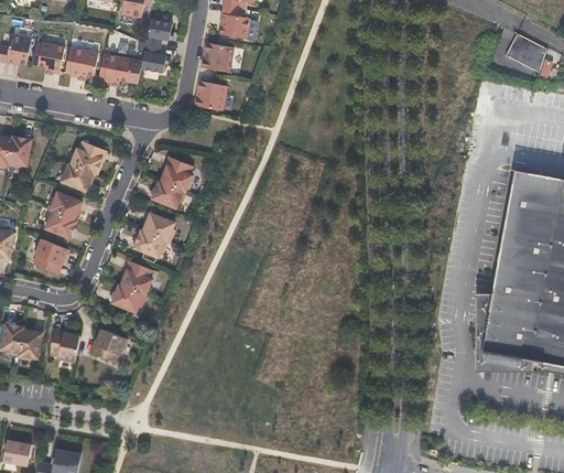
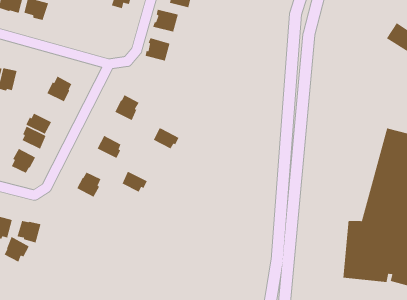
building: [141,43,165,72] -> none
building: [70,47,97,75] -> none
building: [99,53,131,82] -> none
building: [61,162,93,191] -> none
building: [151,180,185,207] -> [153,127,180,149]
building: [133,229,167,257] -> [121,171,148,193]
building: [111,284,144,311] -> none
building: [93,327,126,362] -> [4,236,30,263]

